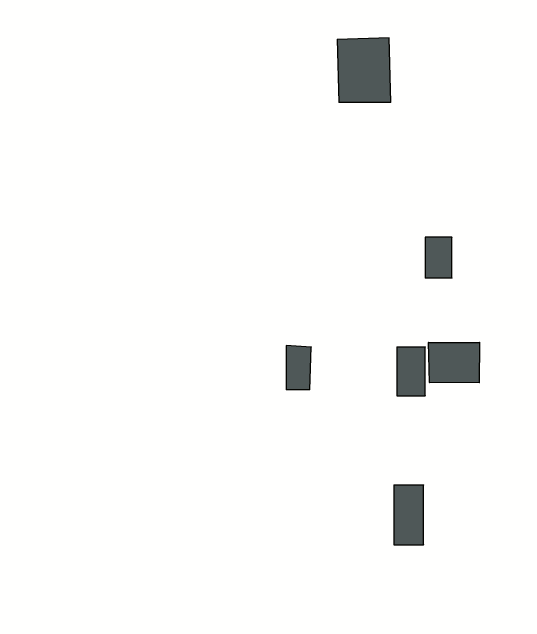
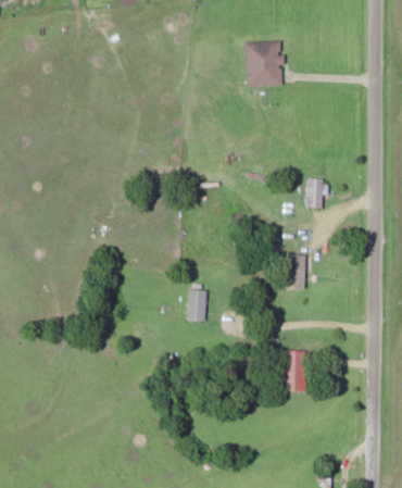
building: [429,342,480,383] -> none
building: [286,346,311,390] -> [187,289,204,320]

